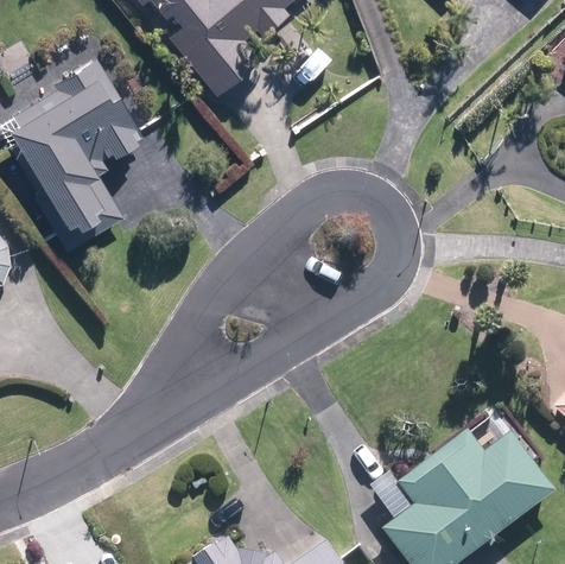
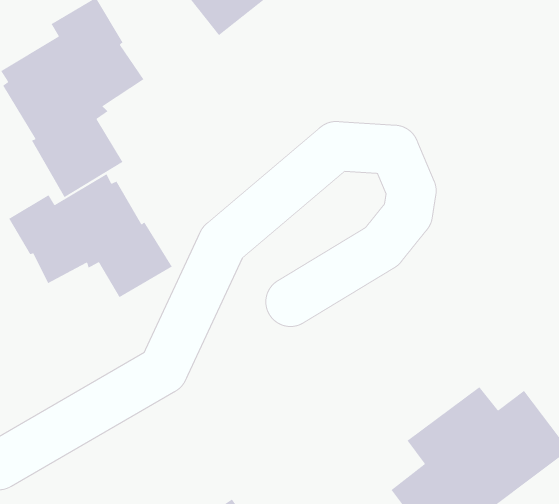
building: none -> [8,173,173,298]

